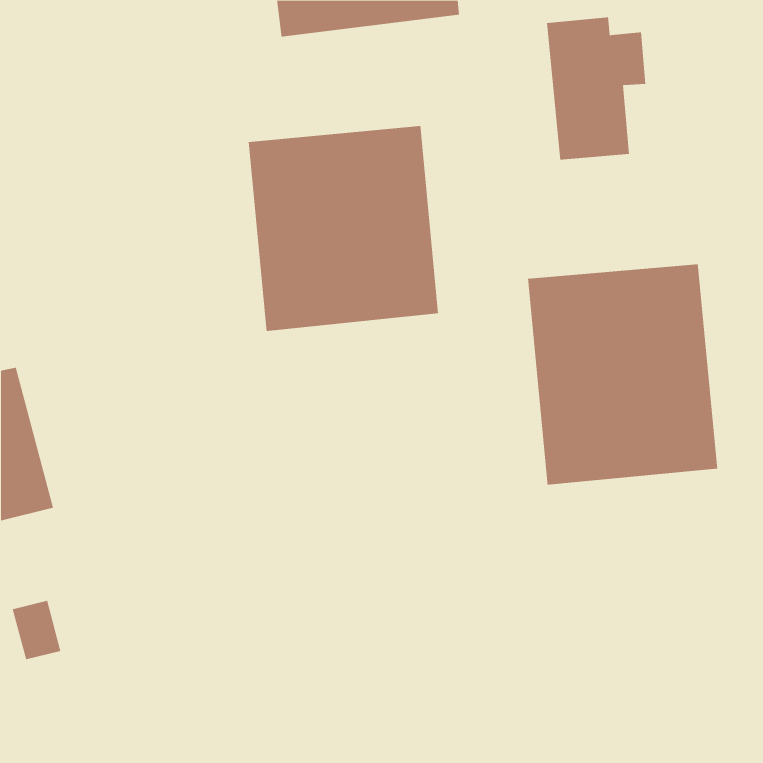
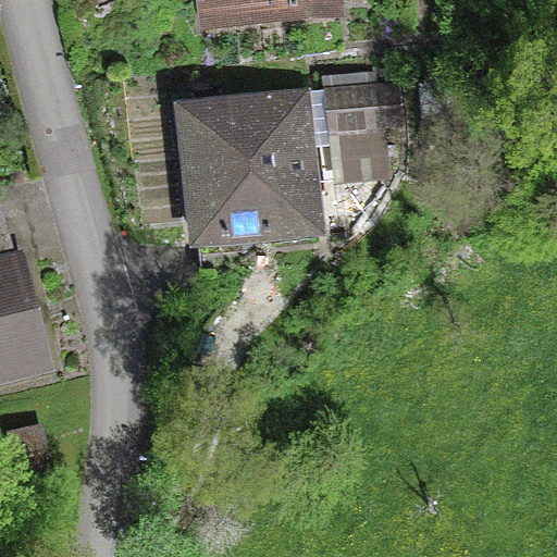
building: [546,17,646,160] -> [326,74,399,178]
building: [527,264,718,485] -> none

